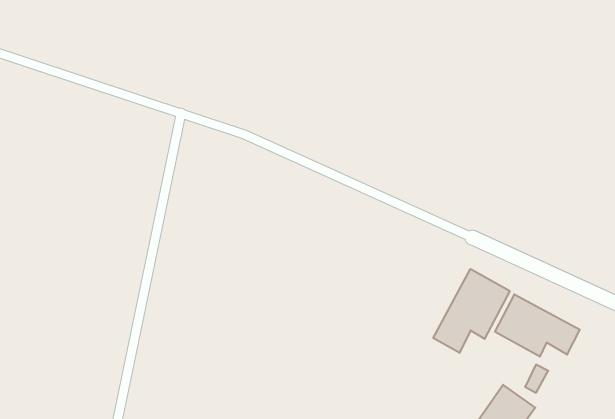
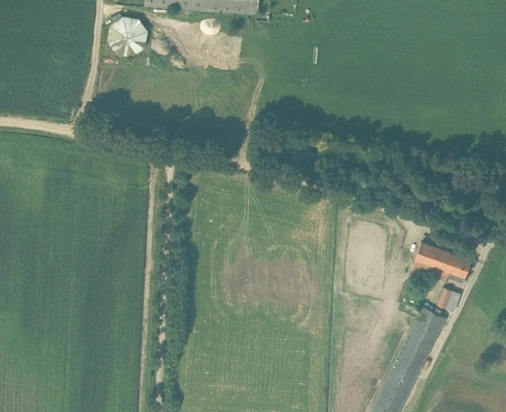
building: [433,269,510,353] -> none

